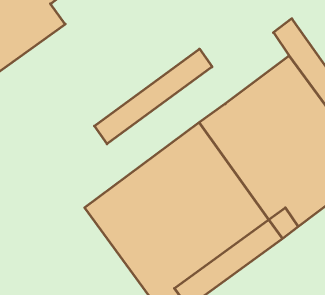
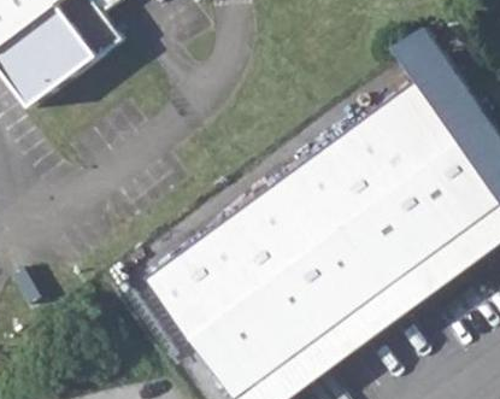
building: [94,49,212,144] -> none

